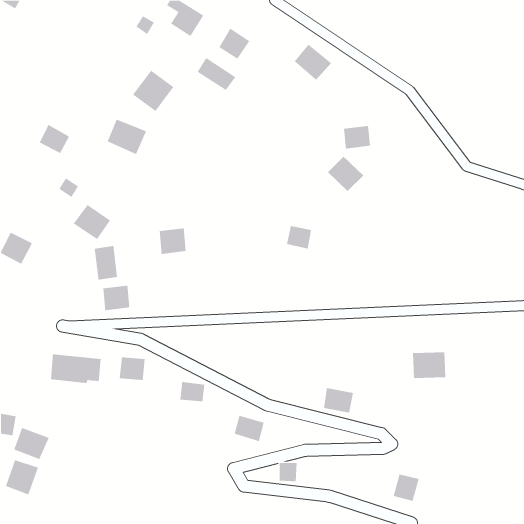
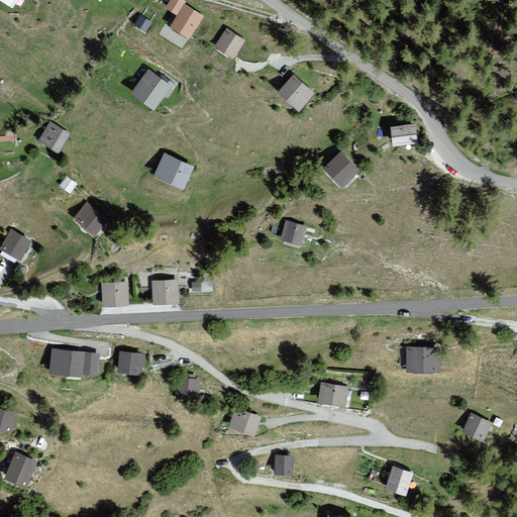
building: [294,44,332,81] -> [279,74,316,110]
building: [197,57,236,91] -> none
building: [107,119,147,155] -> [156,153,195,189]
building: [343,125,371,149] -> [391,123,418,146]
building: [159,228,187,254] -> [150,278,178,304]
building: [94,245,118,280] -> none
building: none -> [461,413,494,441]
building: [14,427,49,460] -> none

